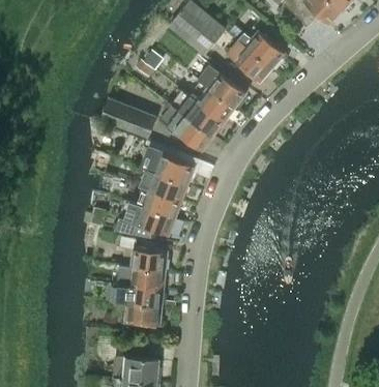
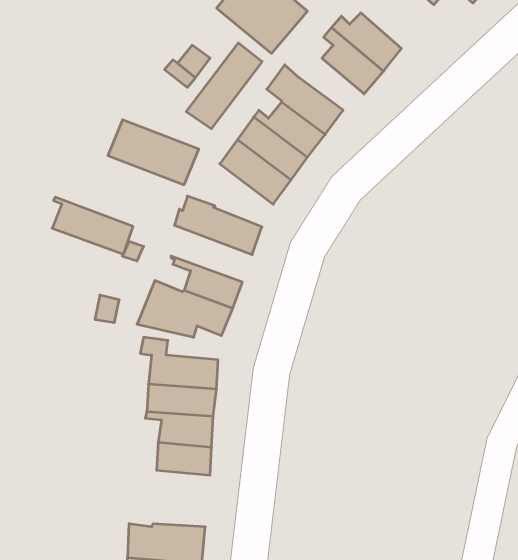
building: none -> [186,43,262,129]
building: [137,166,188,202] -> [52,197,133,254]

